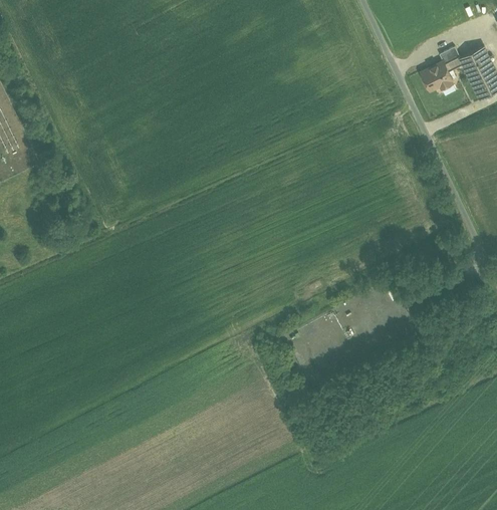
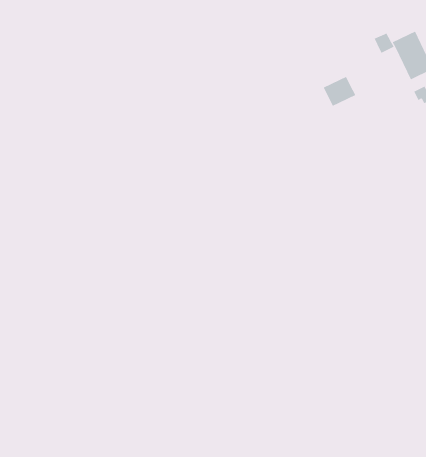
building: [418,60,453,92] -> [323,76,356,107]

